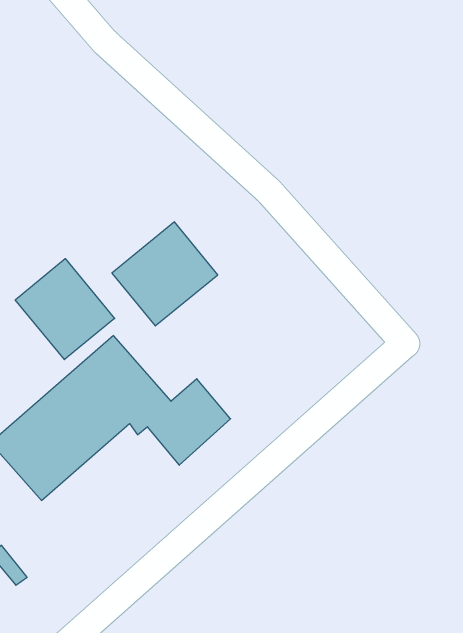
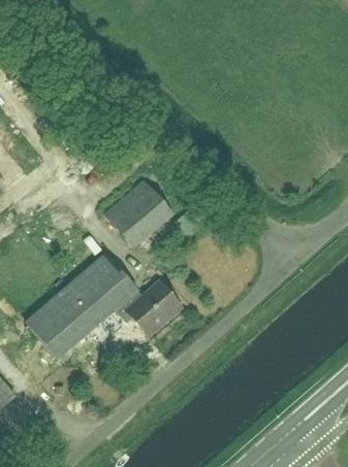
building: [15,259,115,360] -> none

